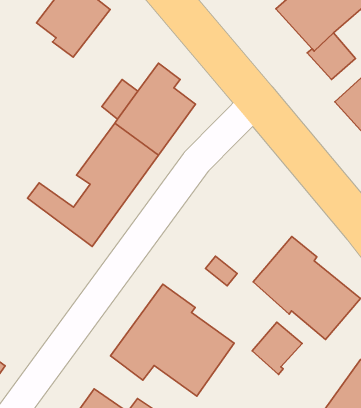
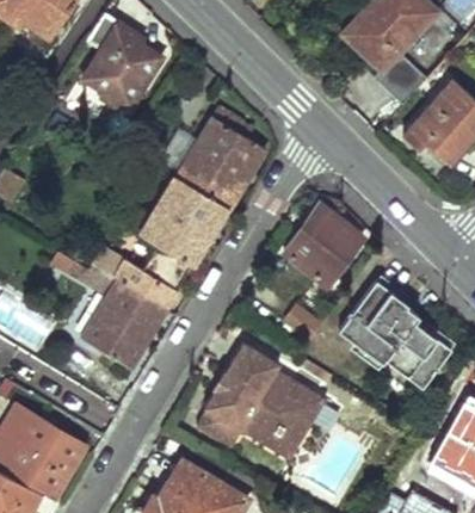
building: none -> [282,200,364,285]
building: none -> [78,265,166,379]
building: [252,322,302,375] -> none

